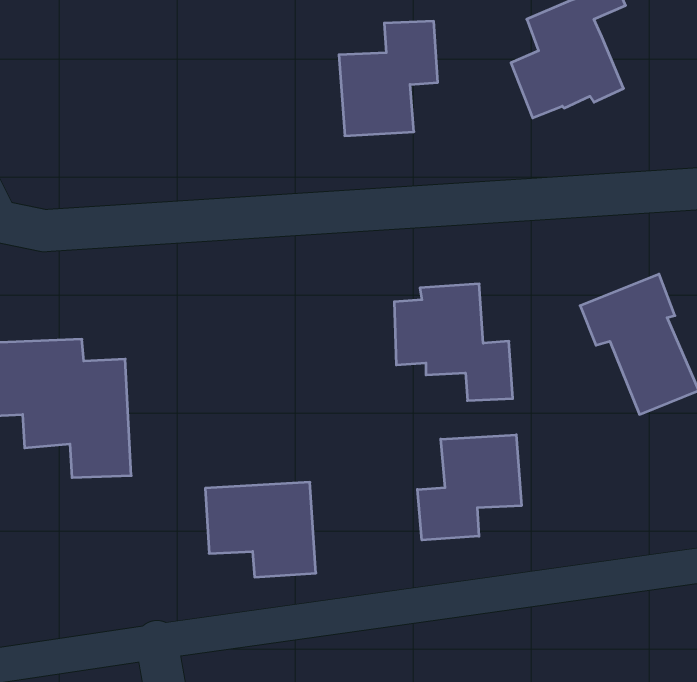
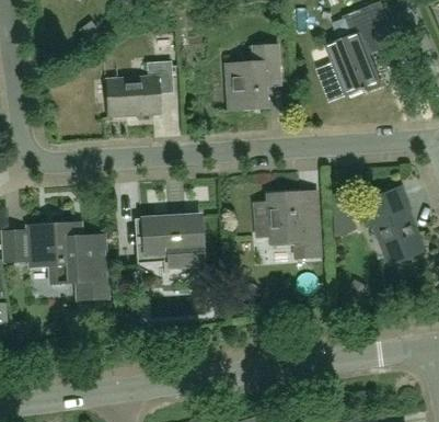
building: none -> [108,61,173,117]
building: [417,435,521,540] -> none
building: [205,482,316,577] -> [141,215,203,267]

